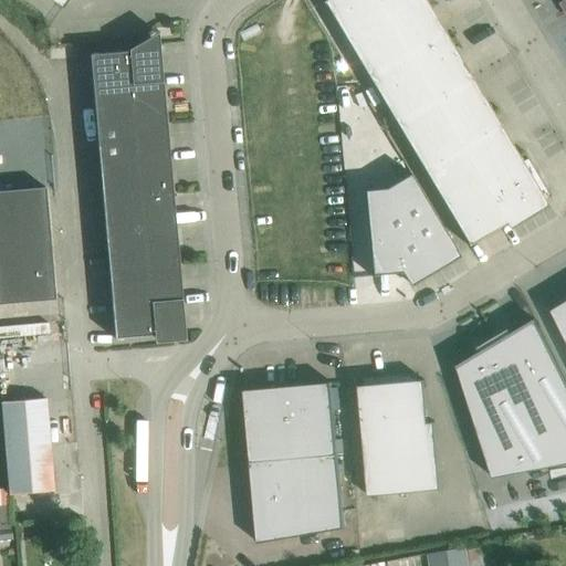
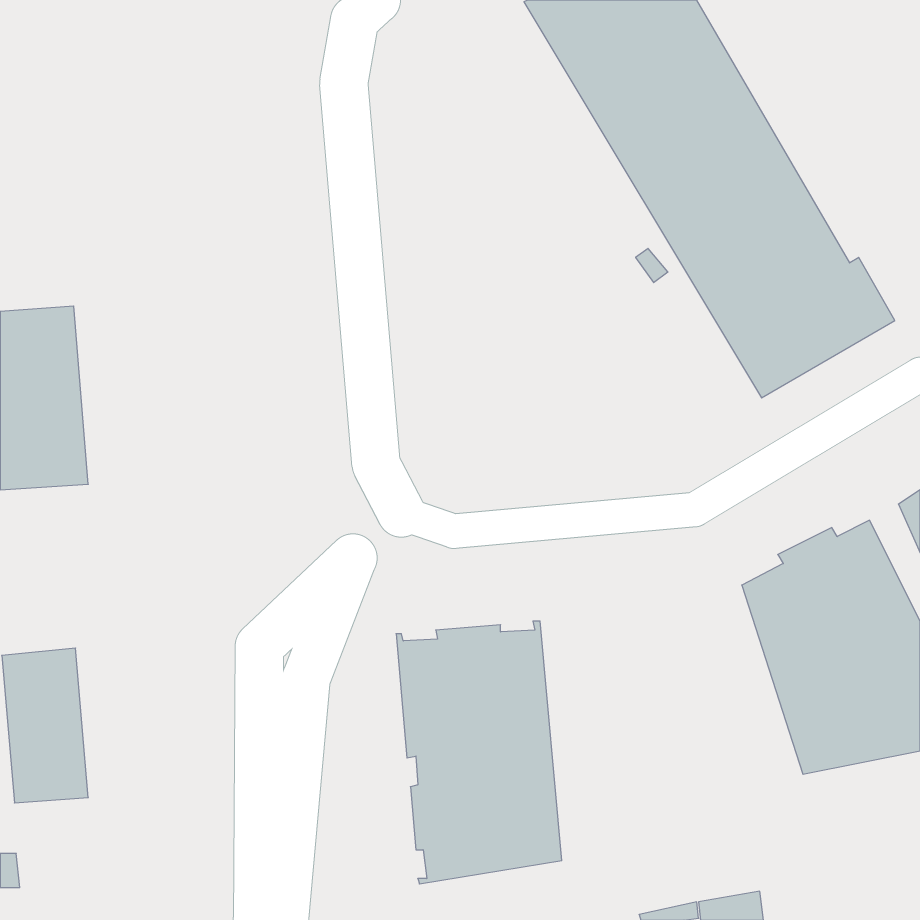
building: [88,32,185,343] -> none
building: [364,174,455,281] -> none
building: [357,374,441,495] -> none

